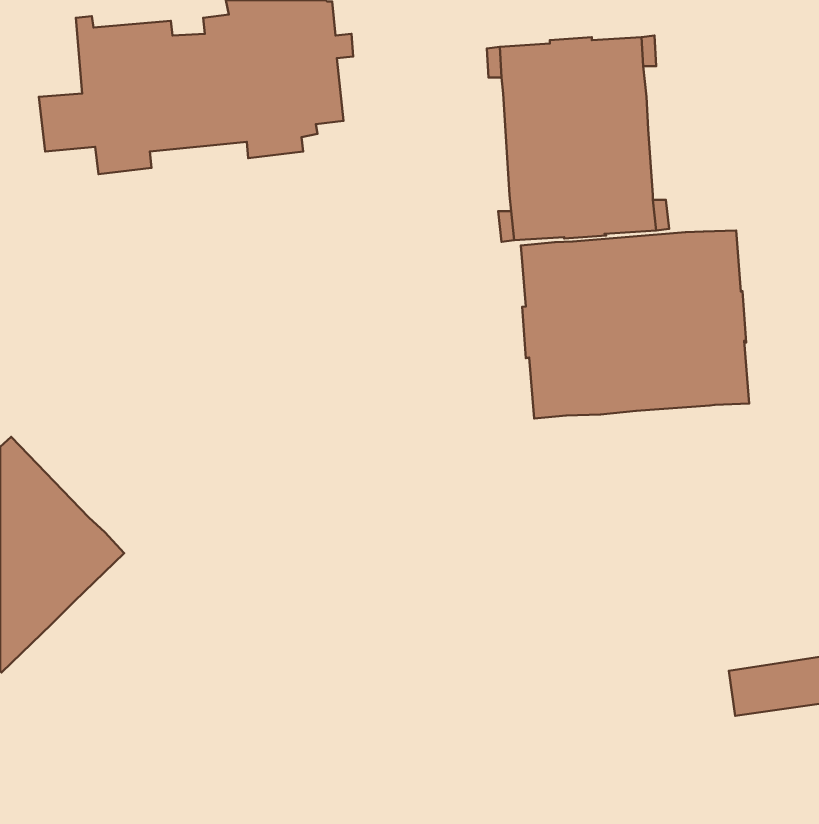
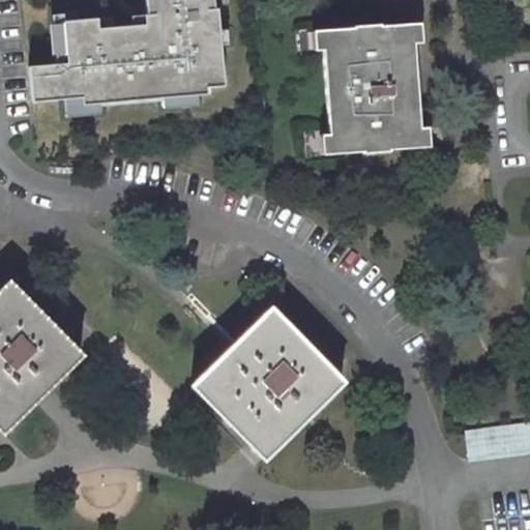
building: [521,231,749,419] -> none
building: none -> [190,307,346,463]

